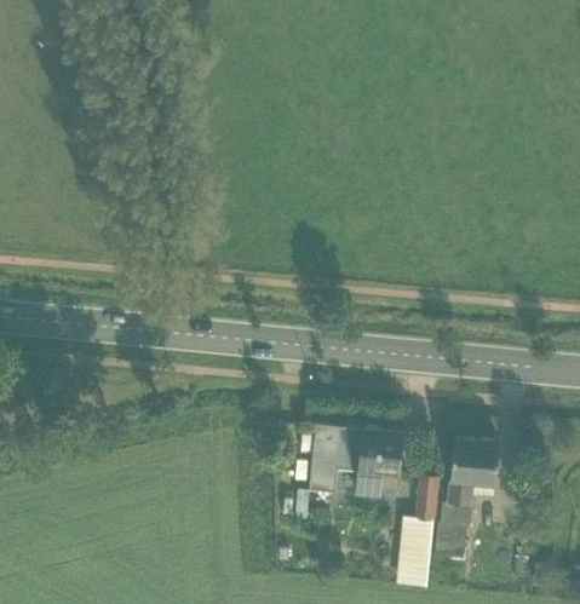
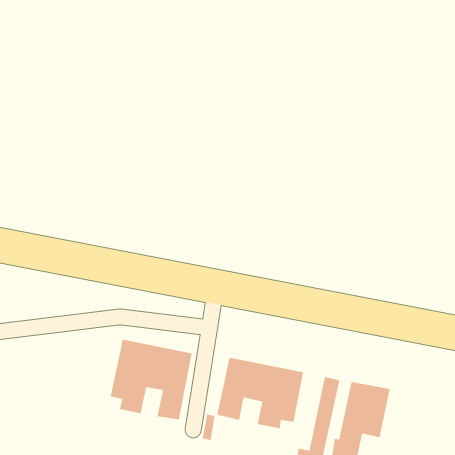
building: none -> [110,339,192,420]

